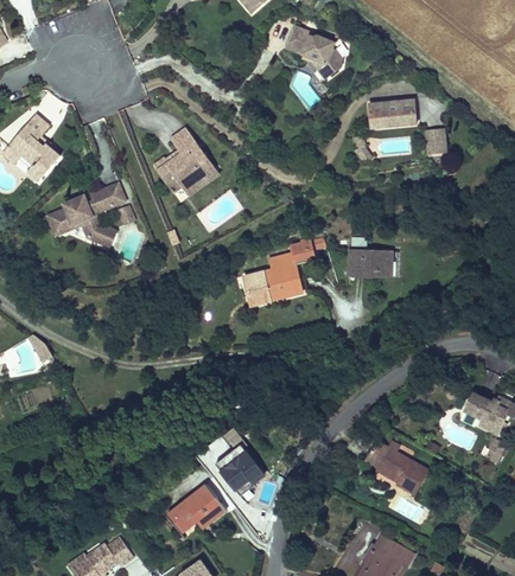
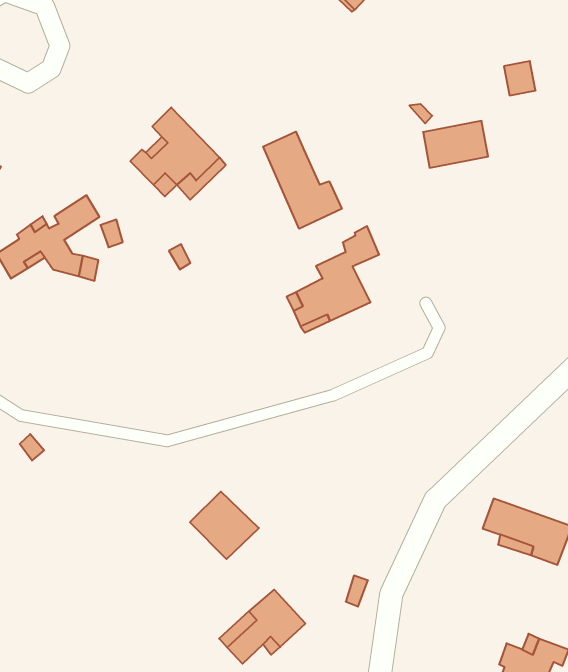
building: [368,101,412,129] -> [423,121,488,168]
building: none -> [263,132,342,229]
building: [358,245,395,273] -> none
building: [217,446,266,494] -> [190,492,259,559]

